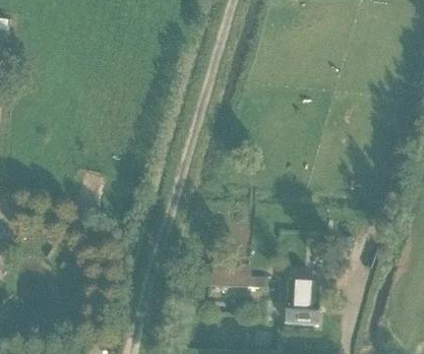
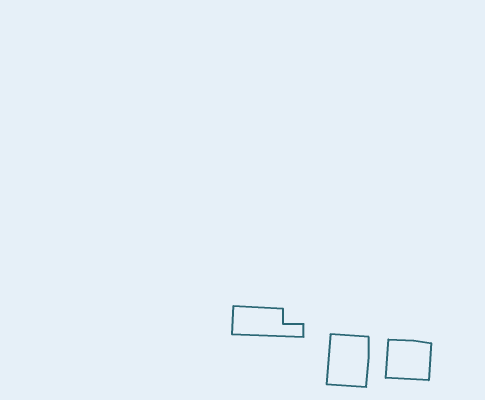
building: none -> [386,339,431,380]

